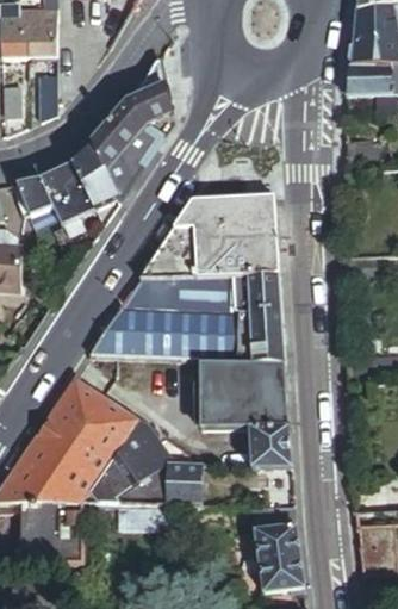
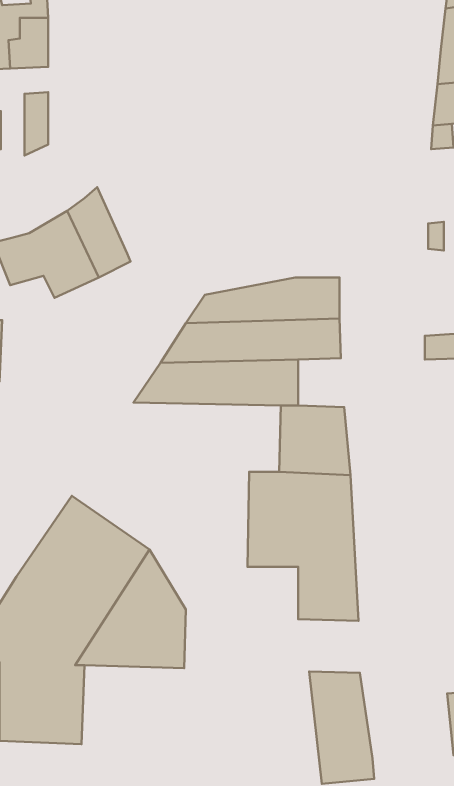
building: [95,55,173,199] -> none
building: [176,192,278,223] -> none
building: [247,271,281,307] -> none
building: [89,304,234,356] -> none
building: [161,460,193,505] -> none

